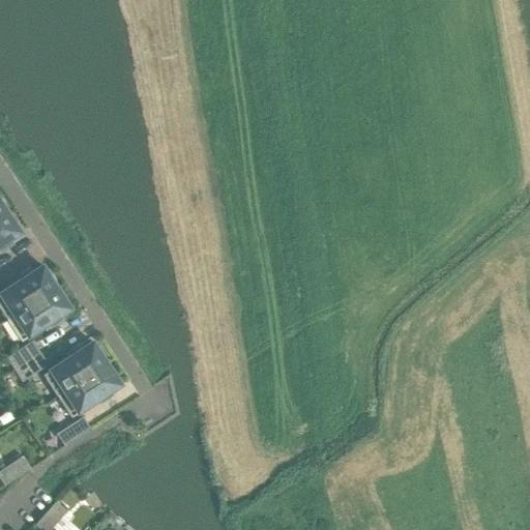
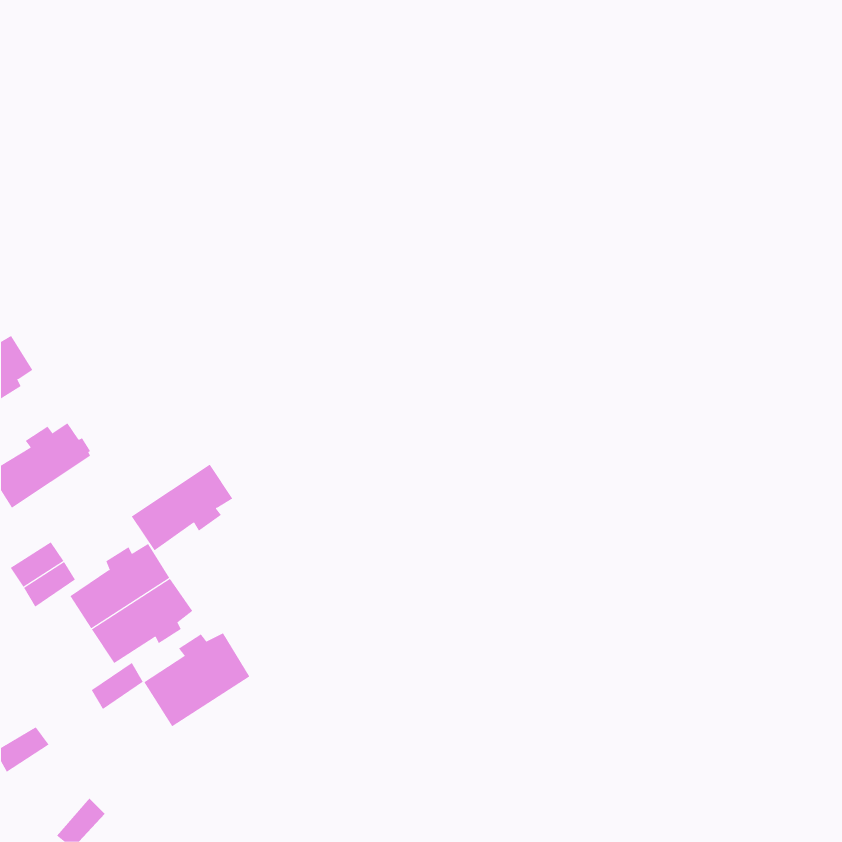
building: [8,286,72,341] -> [131,464,233,551]
building: none -> [144,633,250,727]

